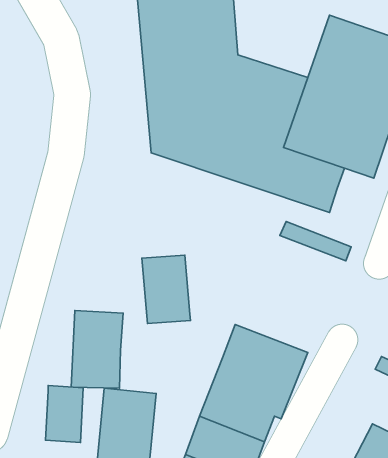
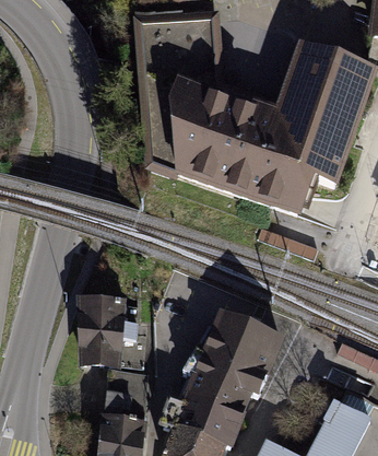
building: [142,255,190,323] -> none
building: [46,385,83,443] -> none

